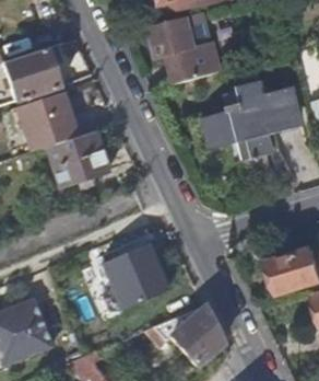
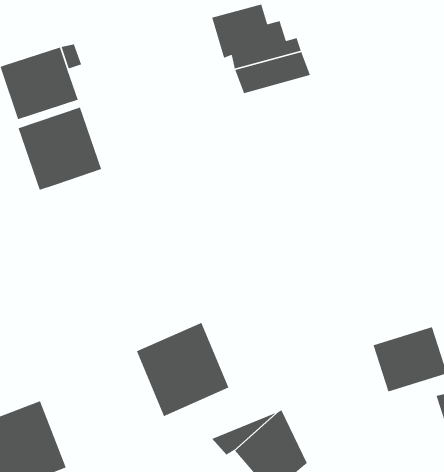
building: [200,80,303,174] -> none
building: [44,129,108,189] -> none

